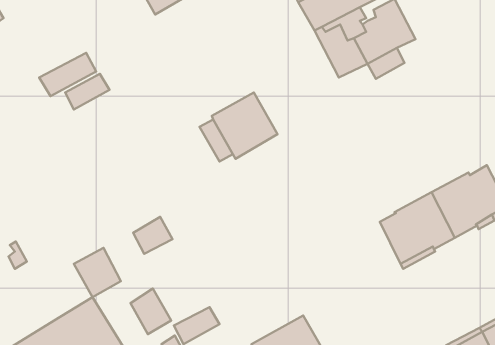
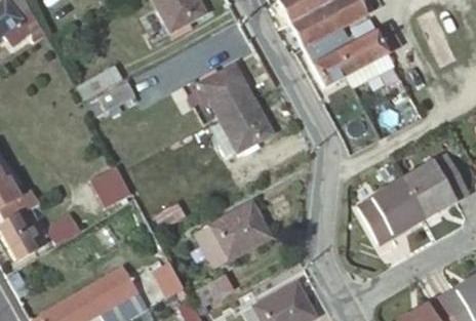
building: none -> [200,63,254,116]
building: none -> [207,201,270,260]
building: [74,248,121,297] -> [90,166,129,207]

